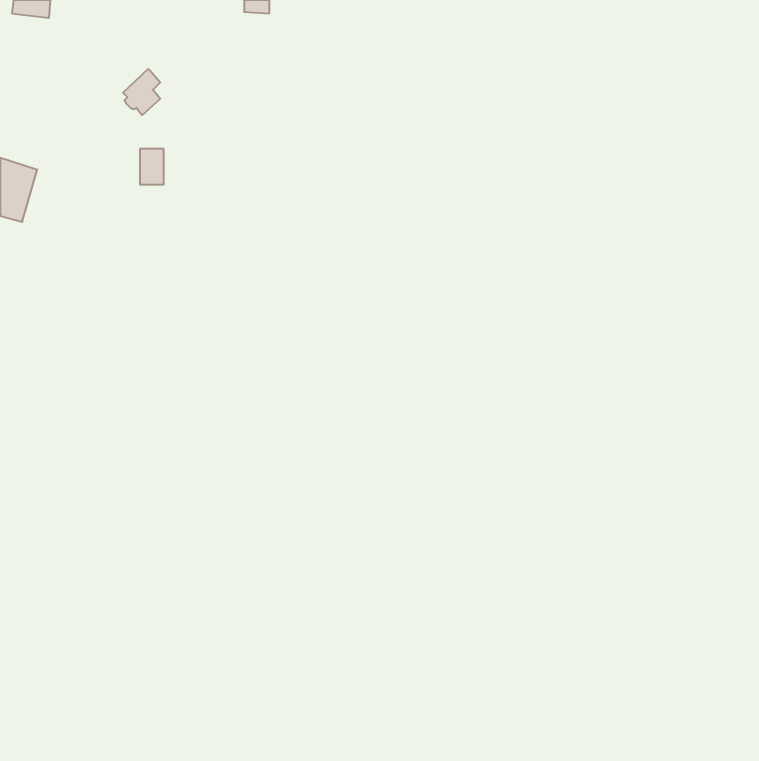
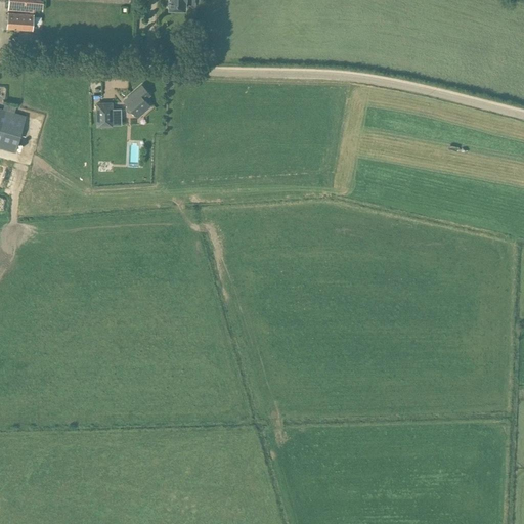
building: none -> [8,13,35,30]
building: [123,69,160,115] -> [125,85,150,117]

